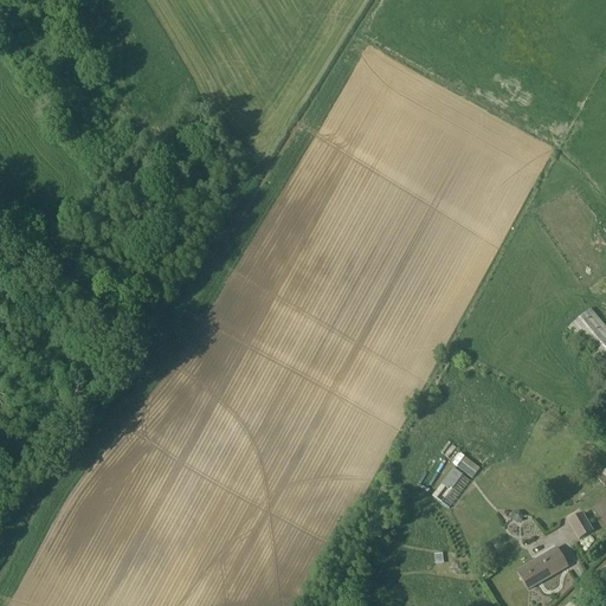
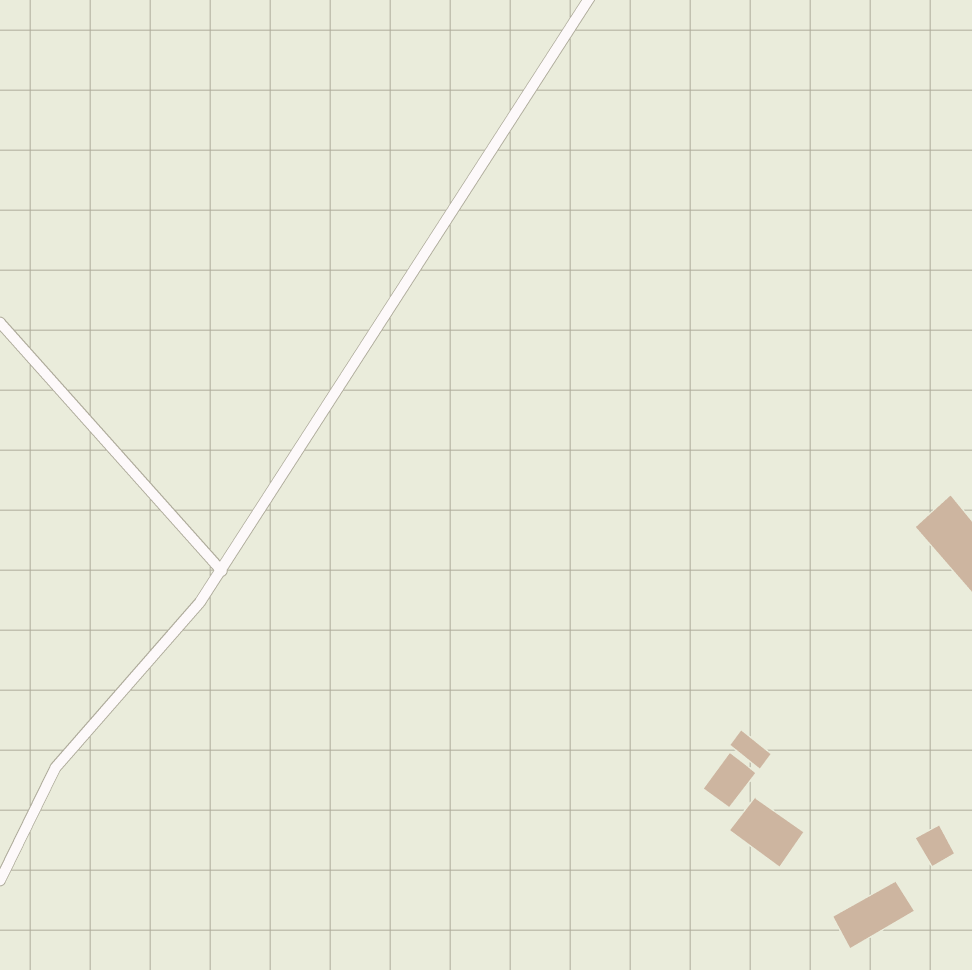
building: none -> [729,797,804,867]

